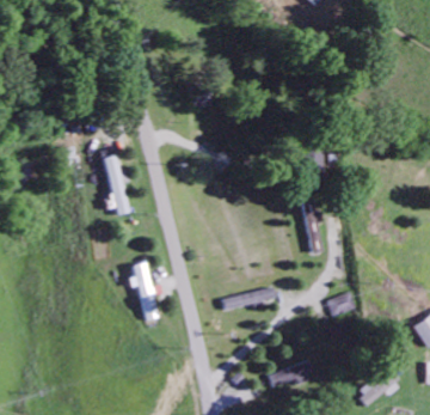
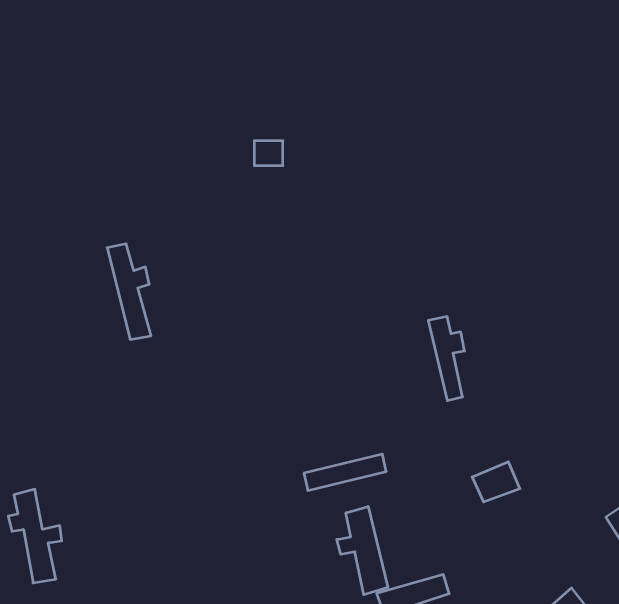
building: [127,261,160,319] -> [8,489,62,583]
building: none -> [337,506,388,595]

